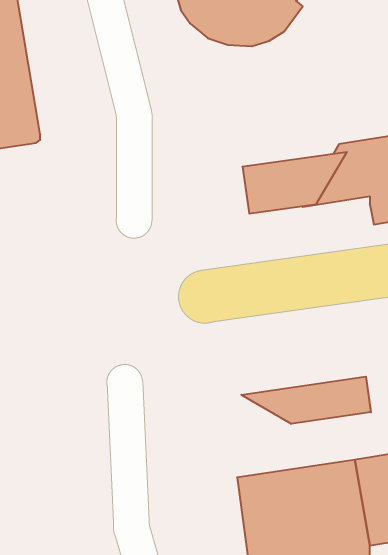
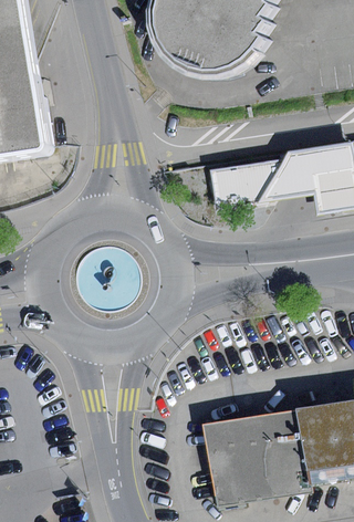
building: [241,377,371,424] -> none

